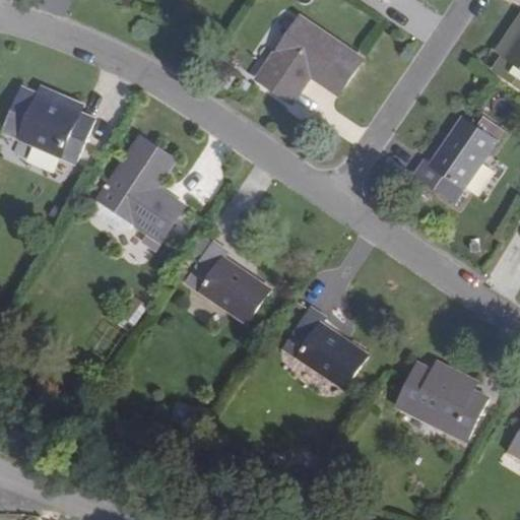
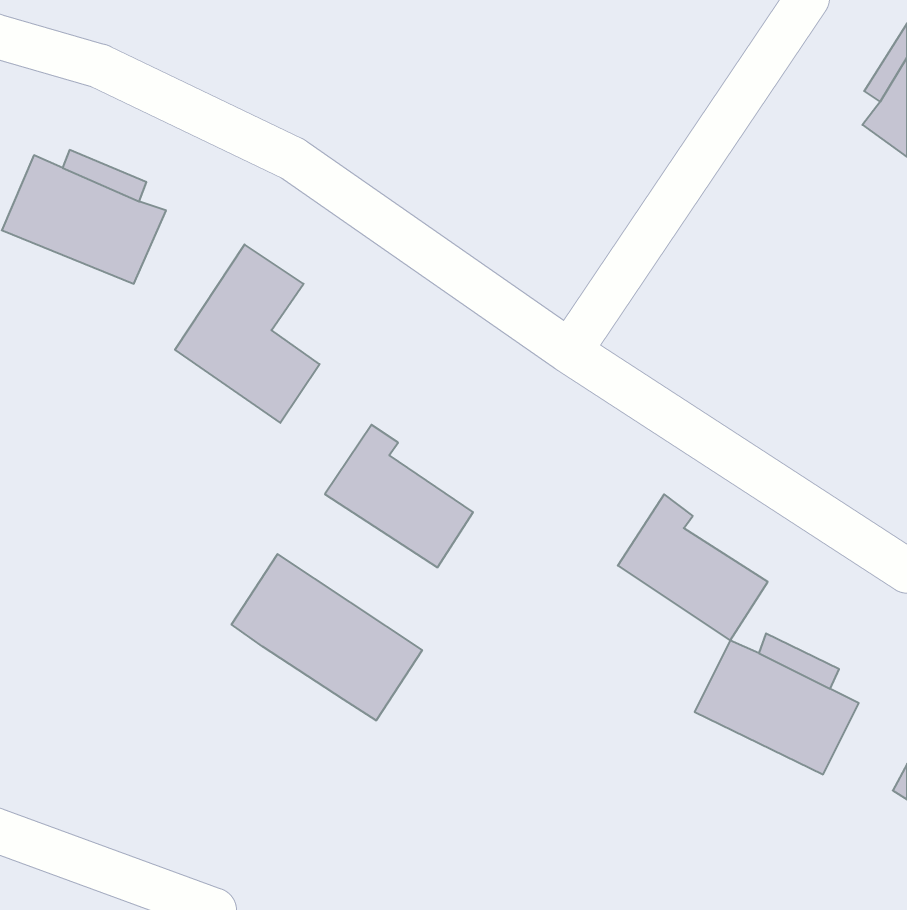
building: [258,19,359,102] -> none
building: [411,117,496,203] -> none
building: [282,307,368,390] -> [618,494,768,641]
building: none -> [232,554,422,721]

